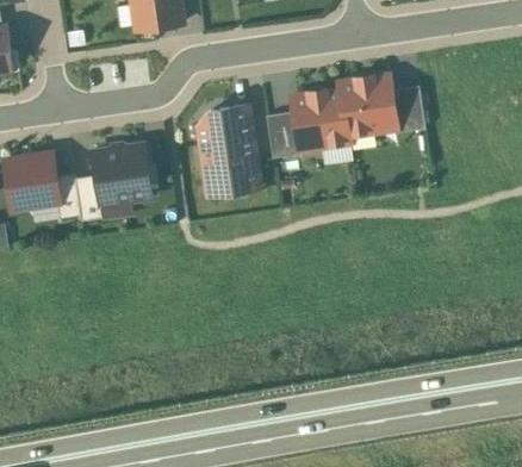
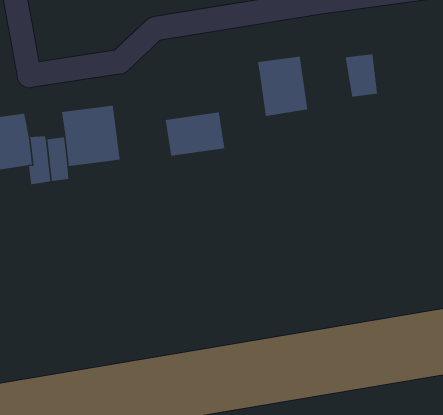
building: [341,76,394,138] -> none
building: [195,101,256,156] -> none
building: [267,111,304,156] -> none

